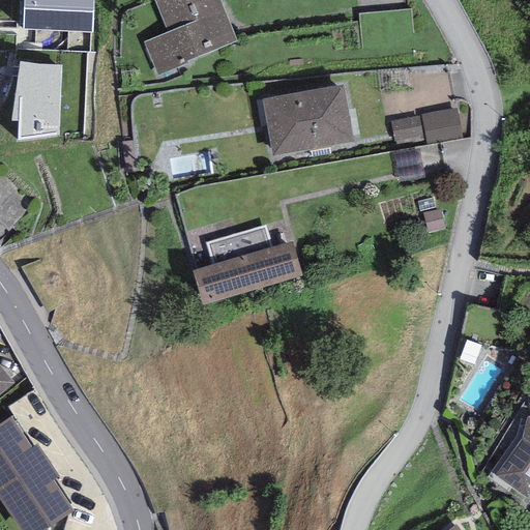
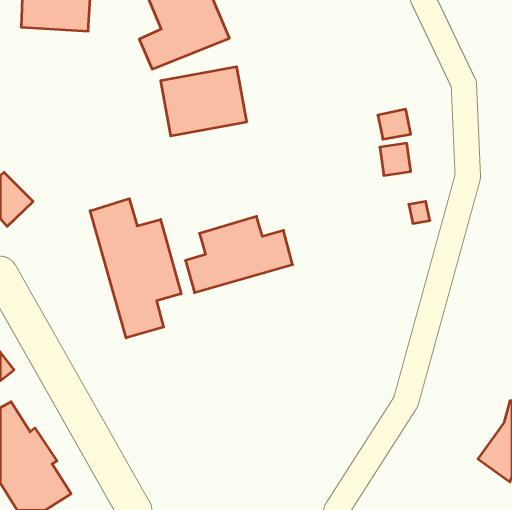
building: [11,60,62,139] -> none
building: [263,83,352,154] -> [161,67,247,136]
building: [419,107,463,145] -> none
building: none -> [90,199,181,338]

